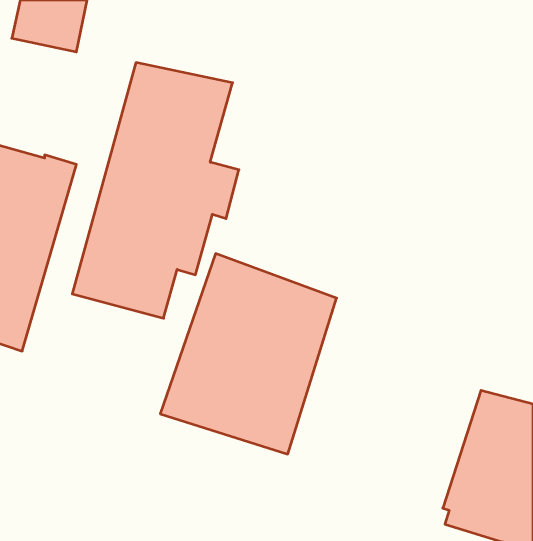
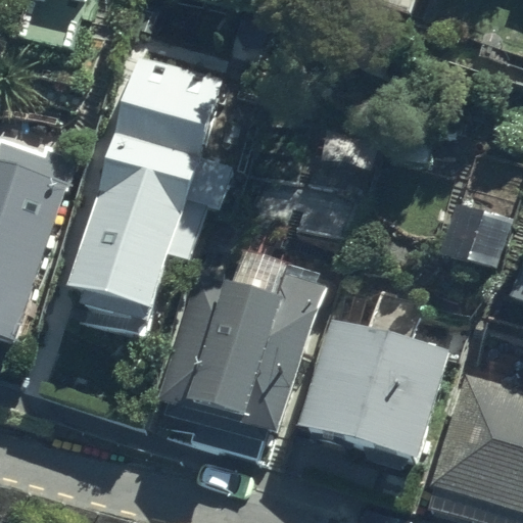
building: none -> [298,322,451,458]

